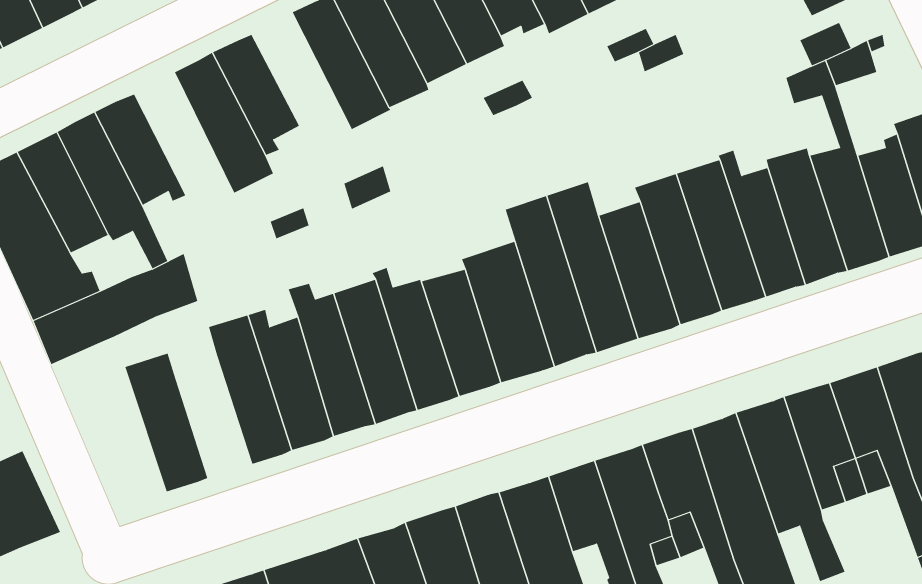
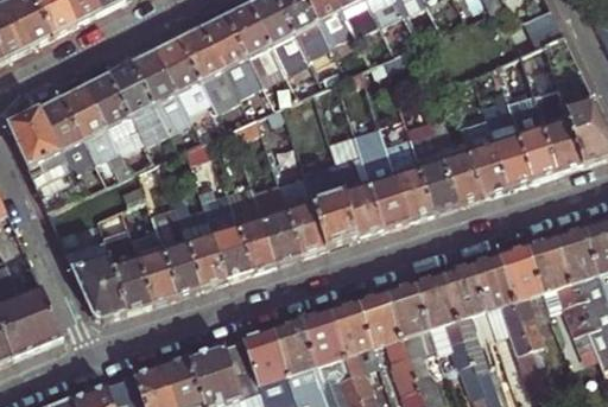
building: none -> [178,25,239,109]
building: none -> [108,61,167,142]
building: none -> [133,229,178,303]
building: none -> [66,240,127,318]

